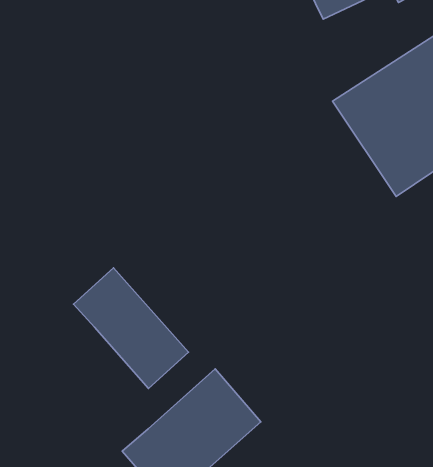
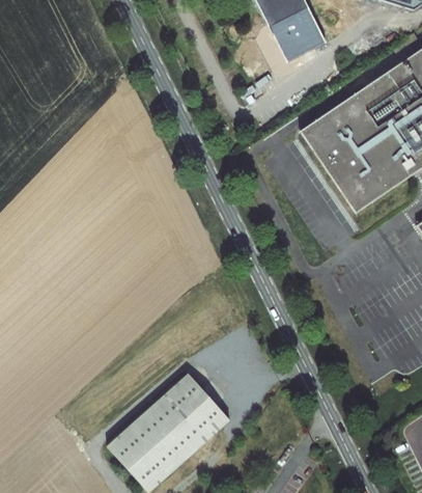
building: [74,268,188,388] -> none

